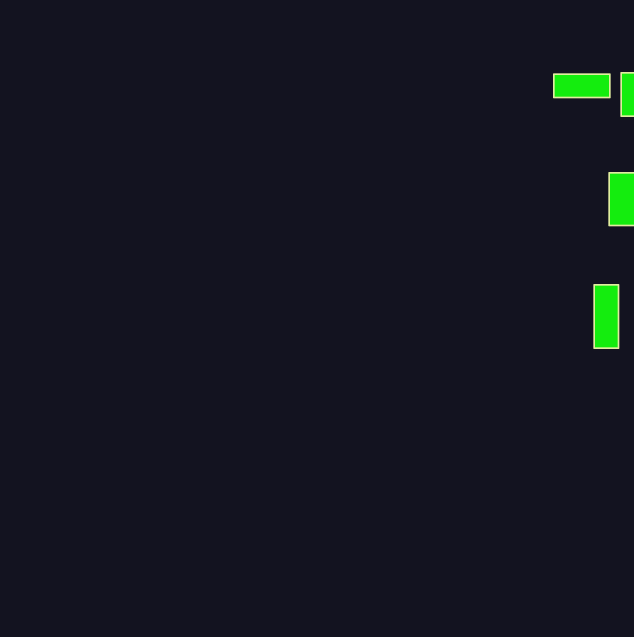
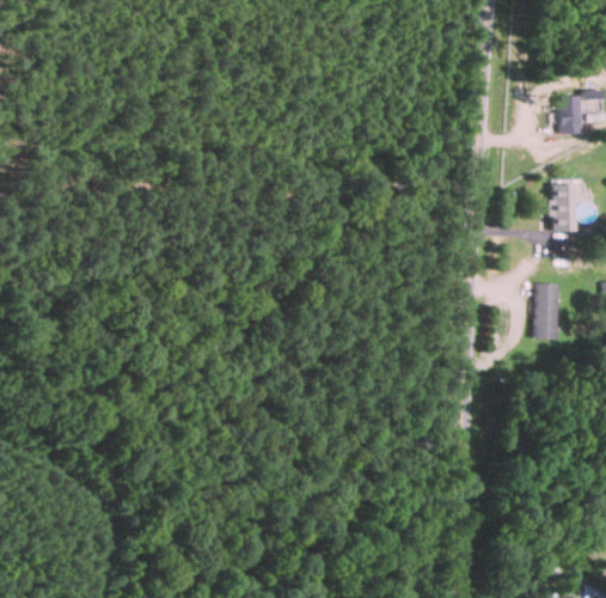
building: [554,74,610,98] -> none

